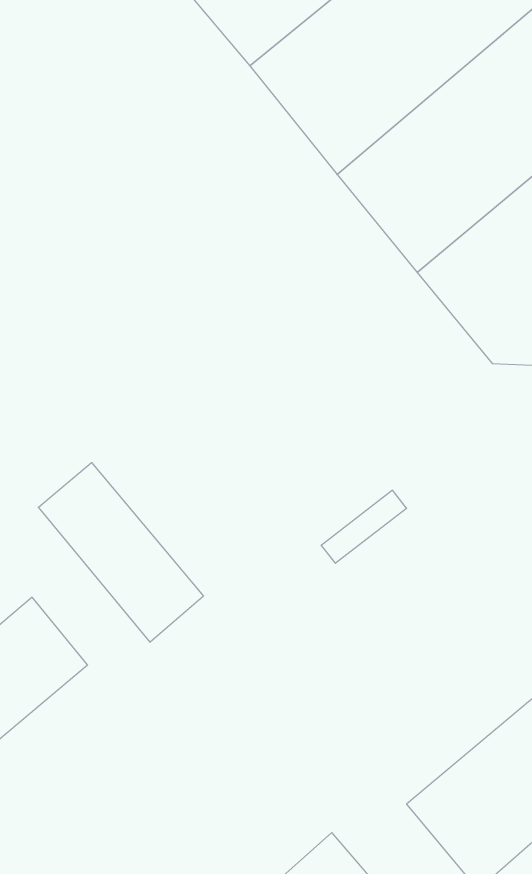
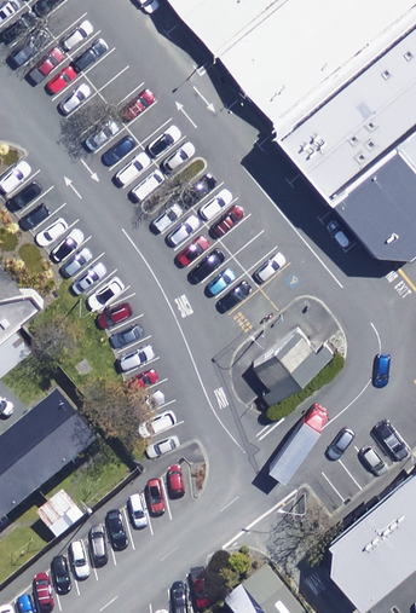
building: [38,463,203,642] -> none

